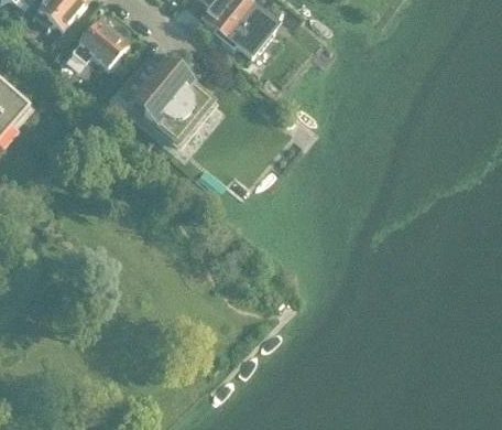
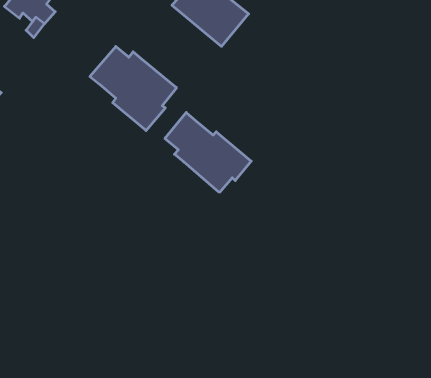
building: [72,20,128,69] -> none
building: none -> [165,112,251,192]

